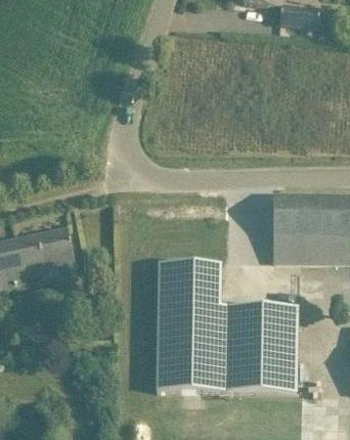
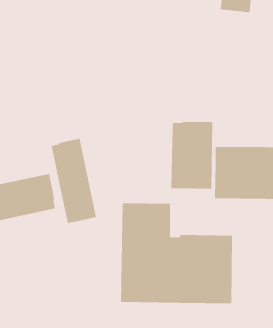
building: none -> [171,121,213,189]
building: none -> [51,138,97,224]

